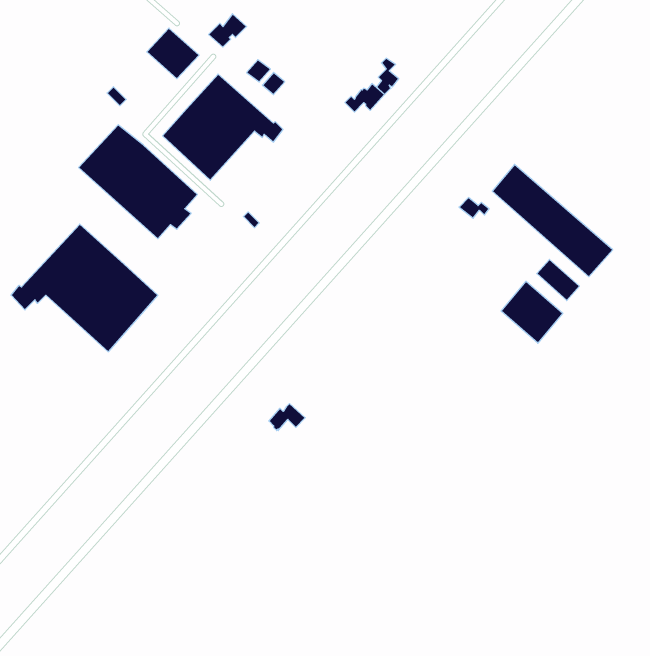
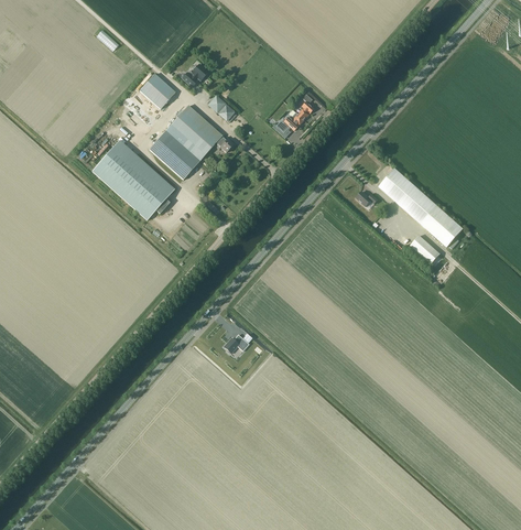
building: [11,224,158,352] -> none
building: [501,281,563,343] -> none

